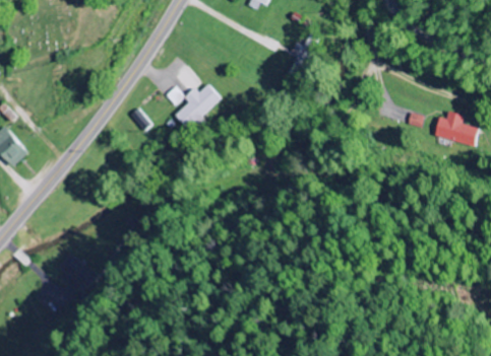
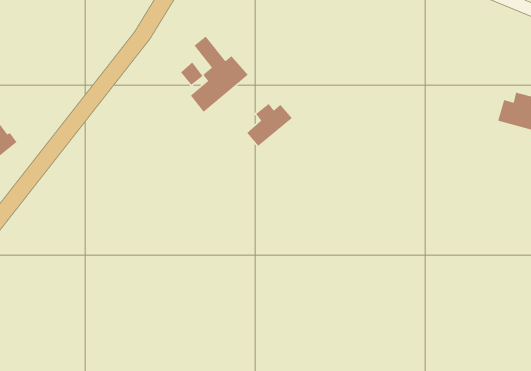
building: none -> [246,103,293,147]

